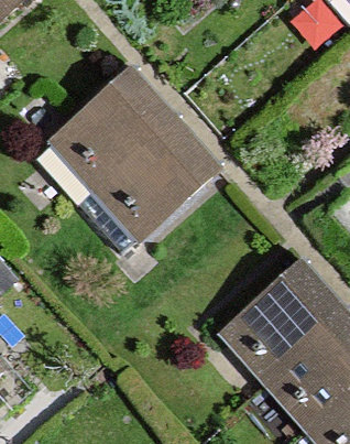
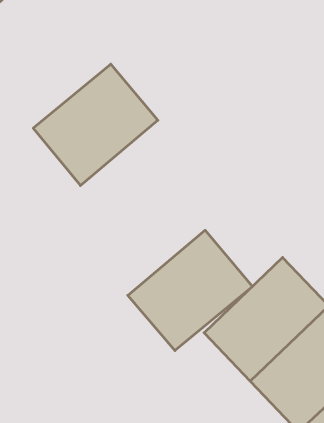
building: [95,127,217,245] -> [128,230,252,351]

